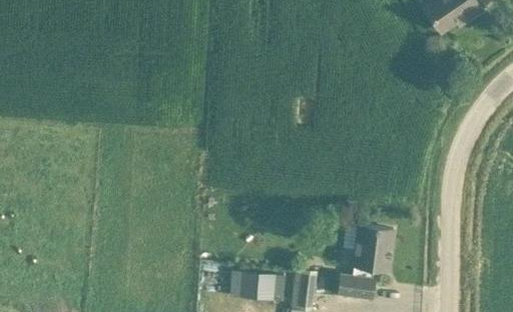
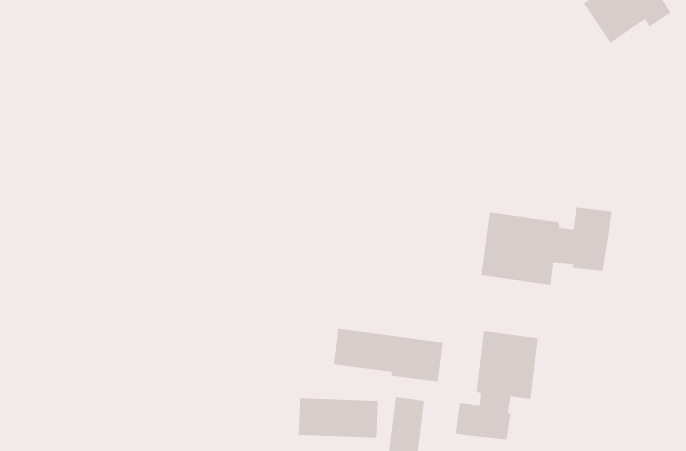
building: none -> [481,207,612,286]
building: none -> [334,328,443,383]

